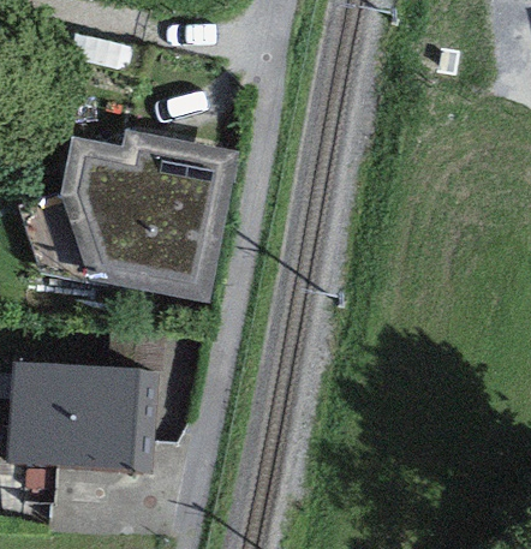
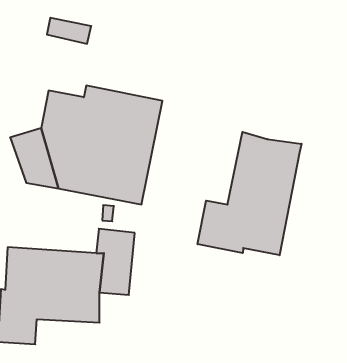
building: none -> [198,132,302,255]

